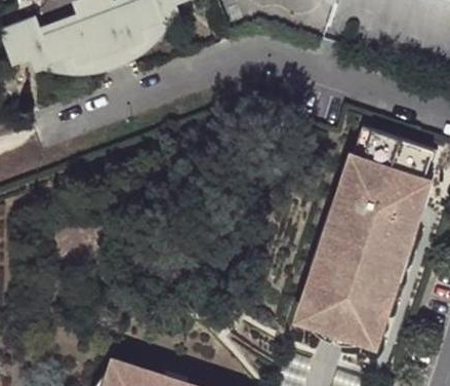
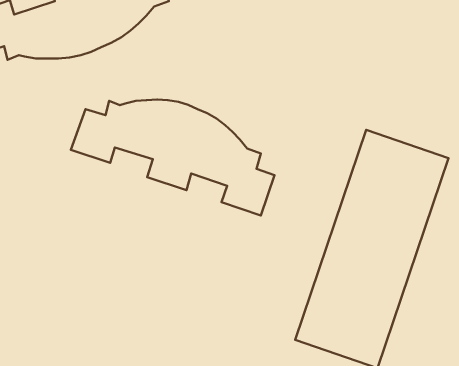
building: none -> [71,100,274,215]

